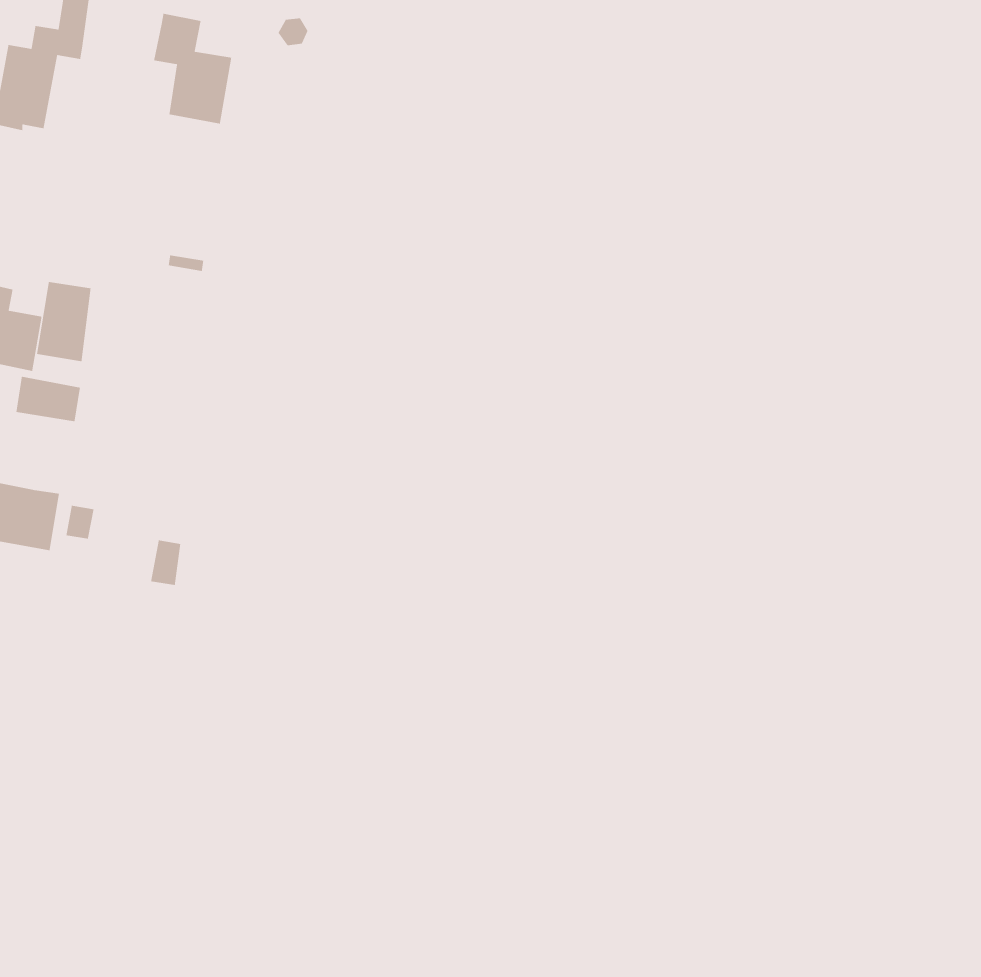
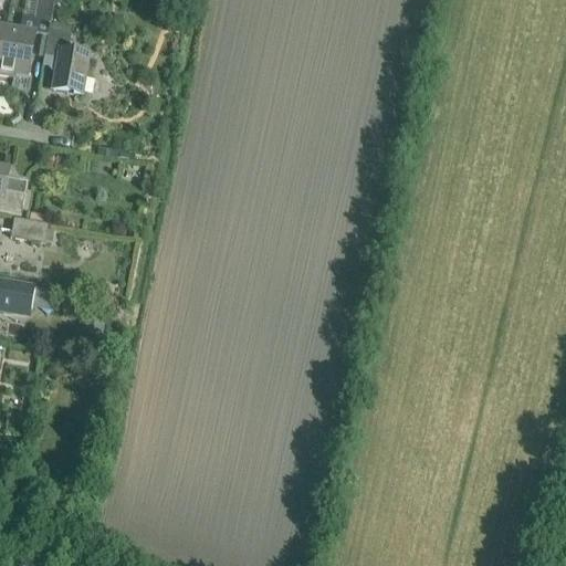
building: [153,13,232,125] -> [42,28,87,92]
building: [36,281,92,362] -> none

